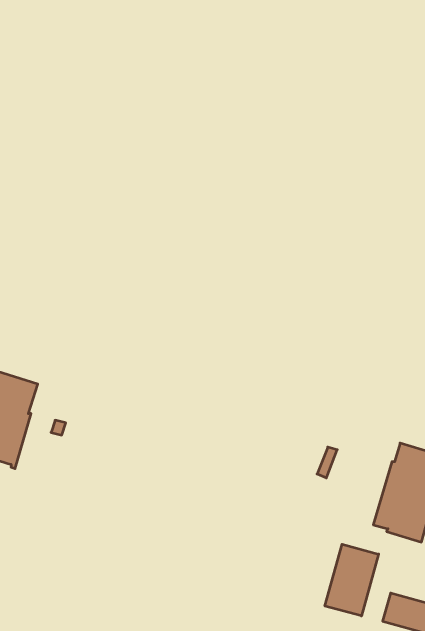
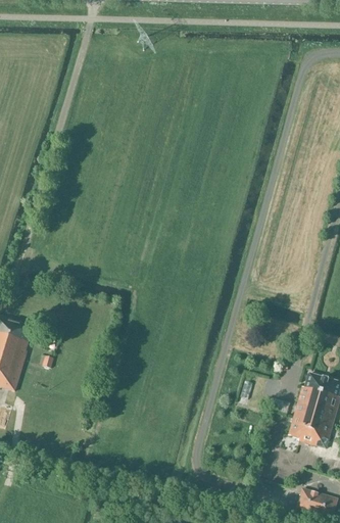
building: [325,544,379,616] -> none

